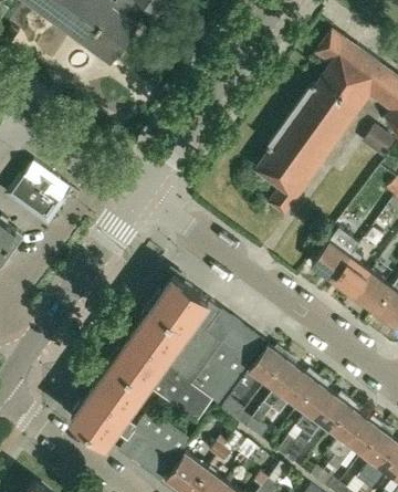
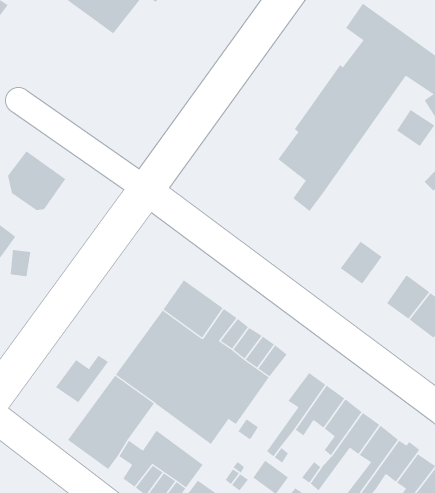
building: [332,252,370,297] -> none
building: none -> [55,355,109,403]
building: [232,346,287,400] -> none

